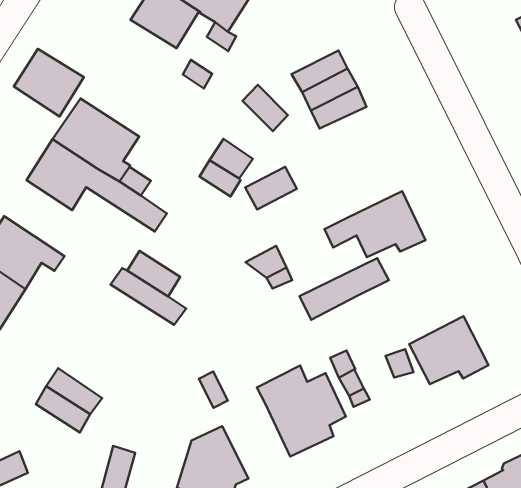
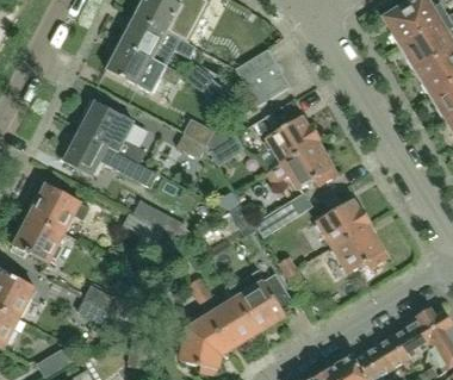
building: [14,49,84,116] -> [105,42,153,87]
building: none -> [265,107,319,164]
building: none -> [316,200,371,248]
building: none -> [207,298,256,350]

